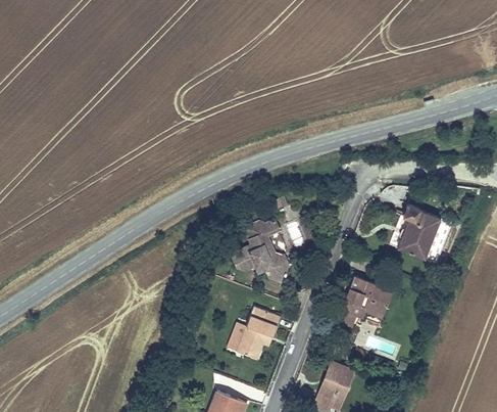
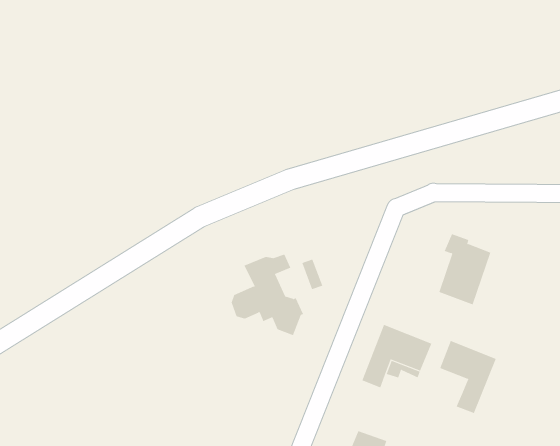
building: none -> [440,340,497,414]
building: [225,307,280,360] -> none

